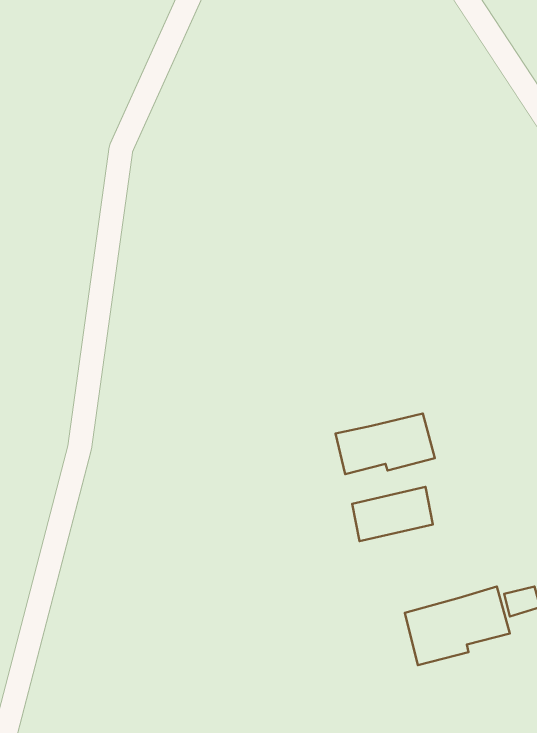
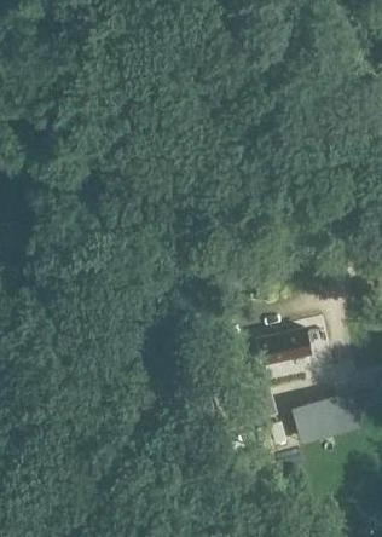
building: [335,414,435,474] -> none

